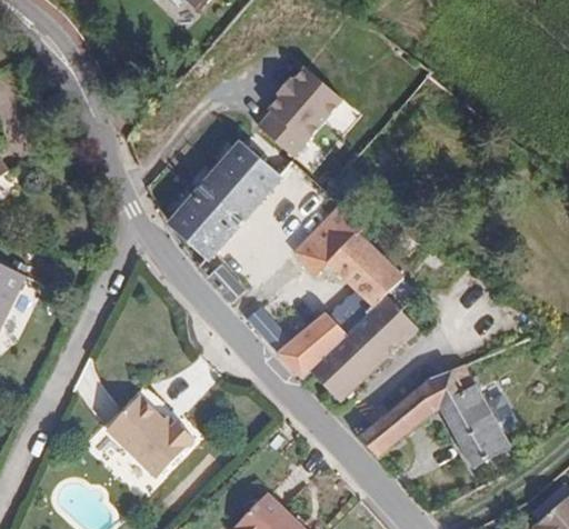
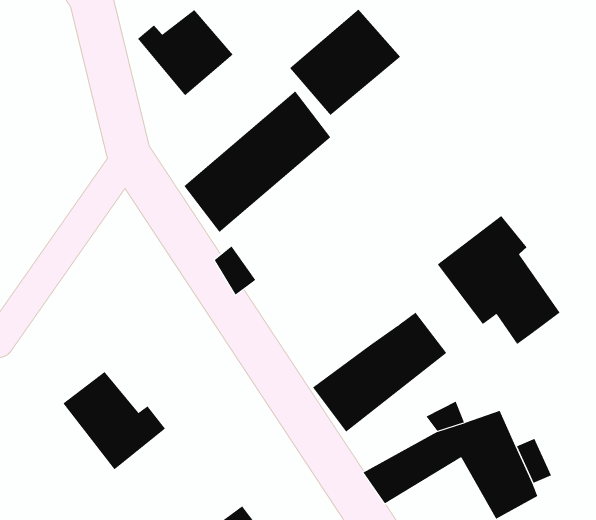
building: none -> [137,9,233,96]
building: [295,210,403,316] -> [437,215,561,345]
building: [248,309,350,385] -> none

